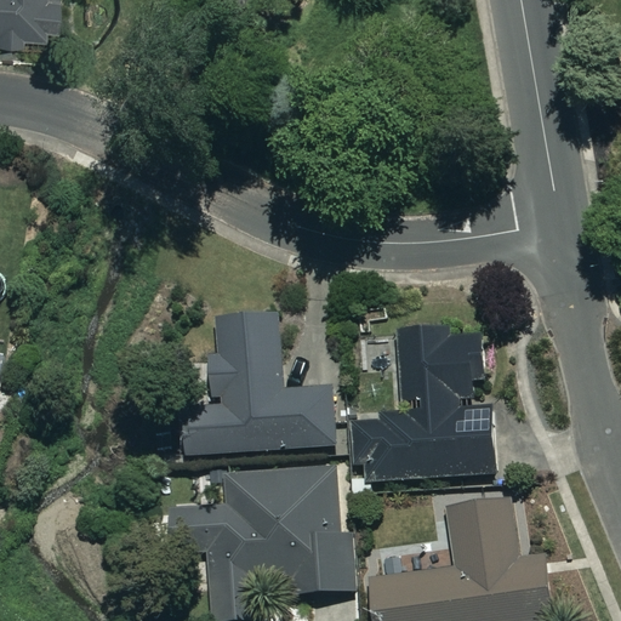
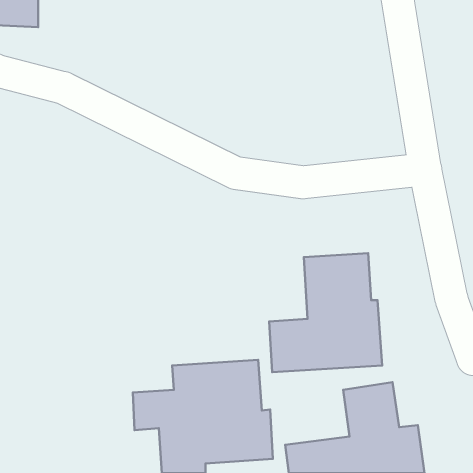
building: [181,318,334,452] -> none

